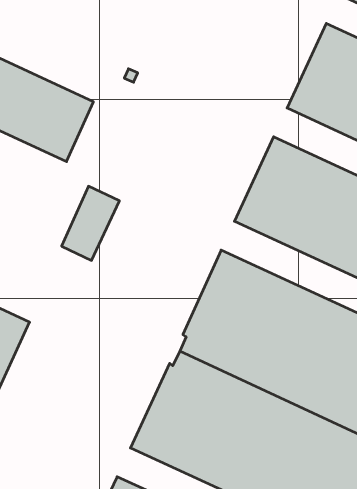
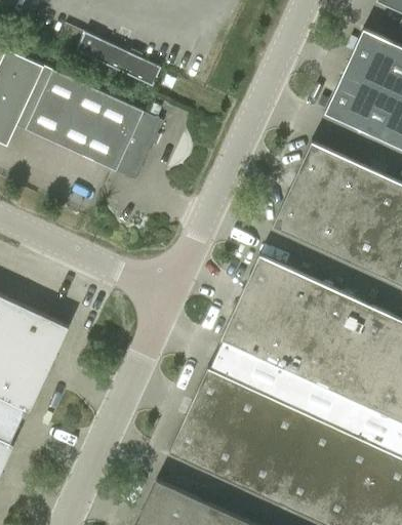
building: none -> [76,33,161,87]
building: [62,186,119,260] -> [105,108,162,181]

